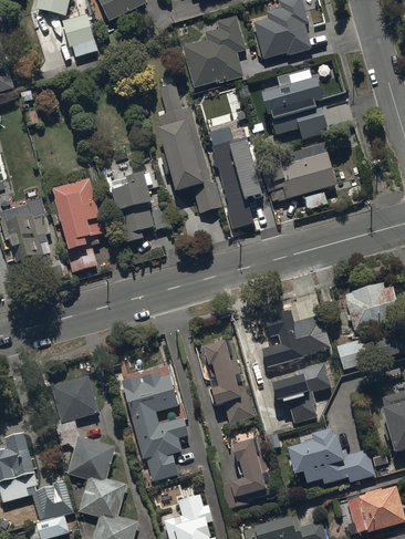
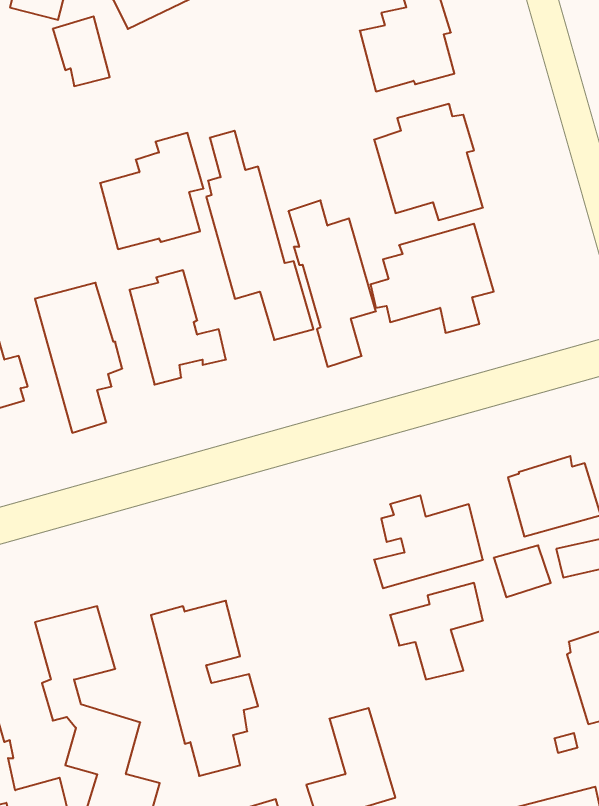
building: [180,14,245,86] -> [100,133,204,249]
building: [202,341,248,425] -> none
building: [287,432,374,488] -> none

